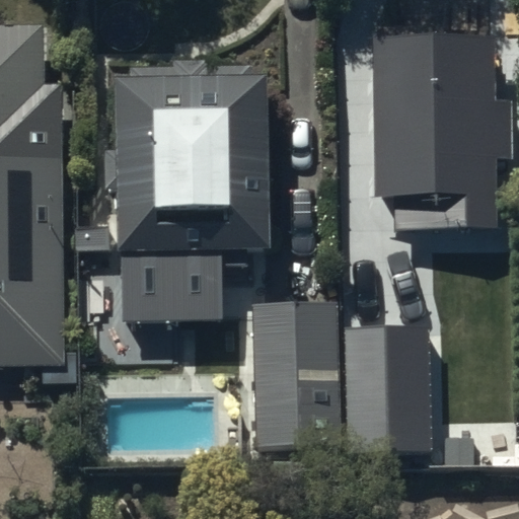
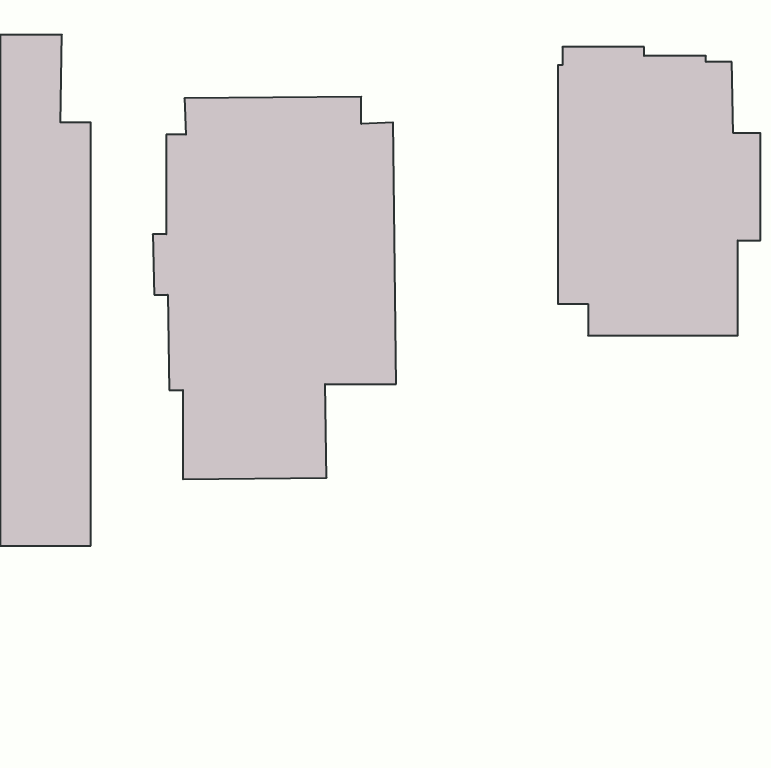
building: [246,307,339,452] -> none
building: [345,322,436,449] -> none

